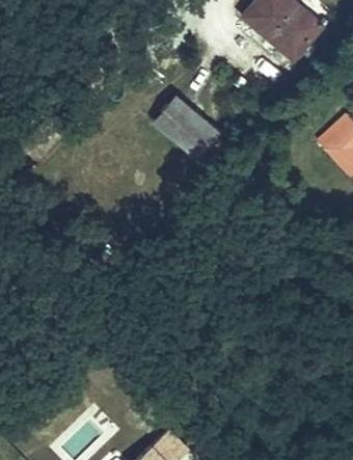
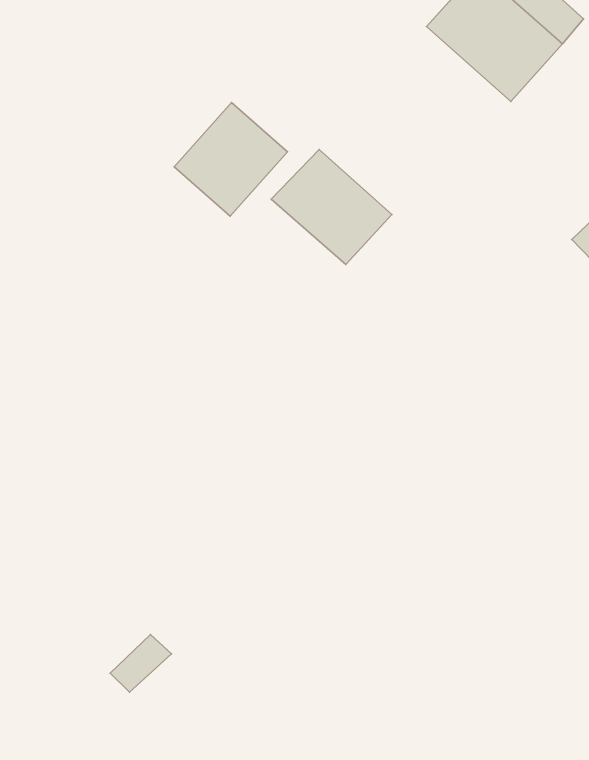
building: none -> [174,103,287,216]

